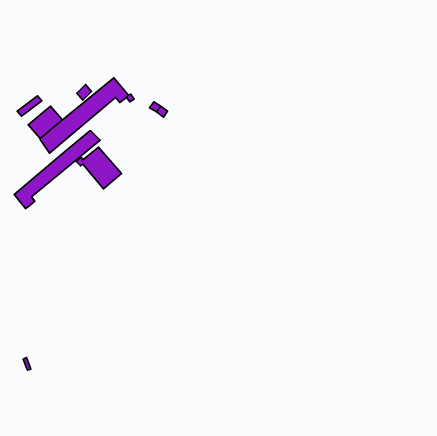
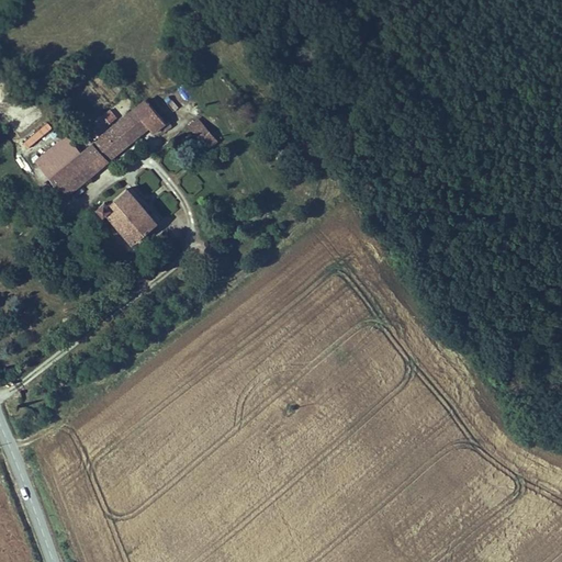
building: [14,131,100,208] -> none

